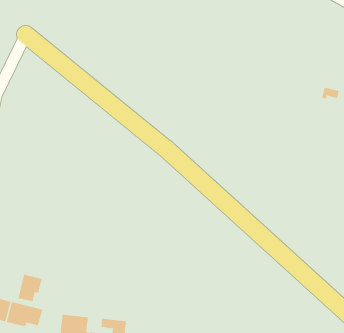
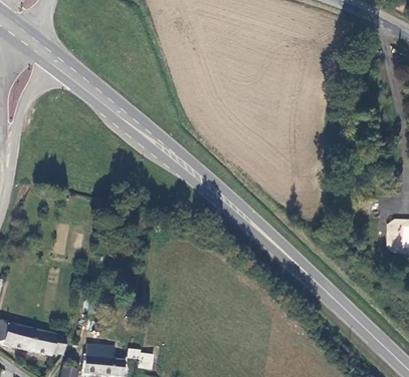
building: [18,274,42,302] -> none

